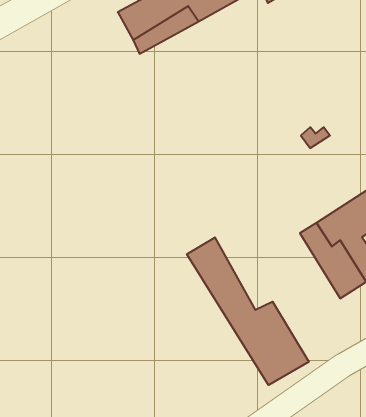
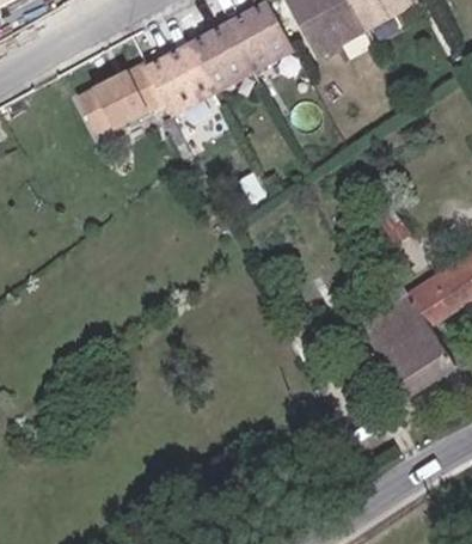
building: none -> [73,68,147,133]
building: [187,237,309,385] -> none

